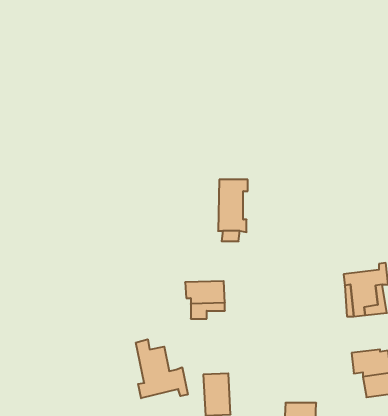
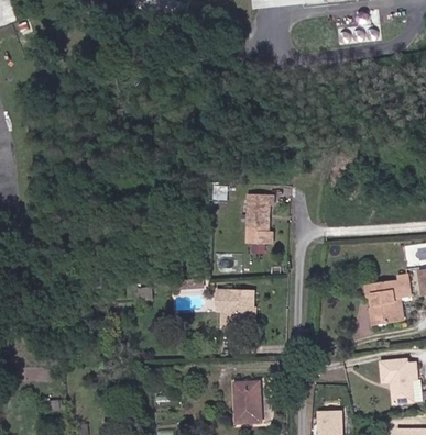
building: [136,339,188,398] -> none

